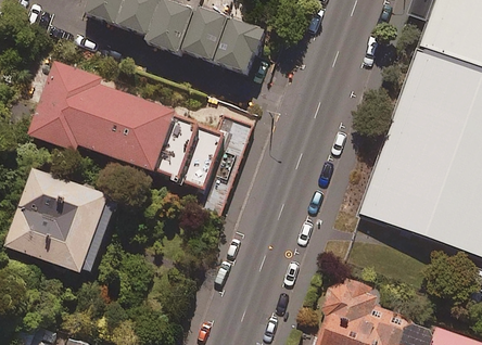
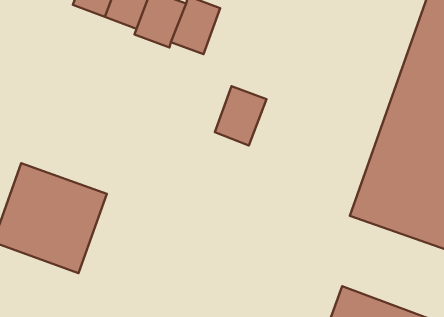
building: [211,14,262,73] -> [215,86,267,145]
building: [30,62,181,172] -> none

